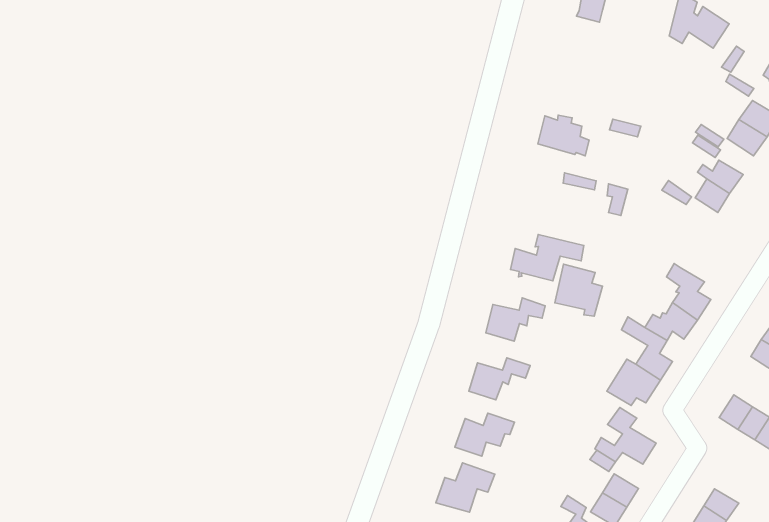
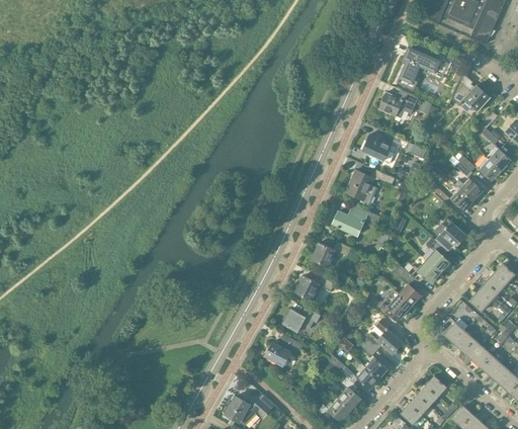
building: none -> [379,92,419,118]
building: none -> [435,223,466,251]
building: [555,264,603,316] -> [347,171,377,205]

